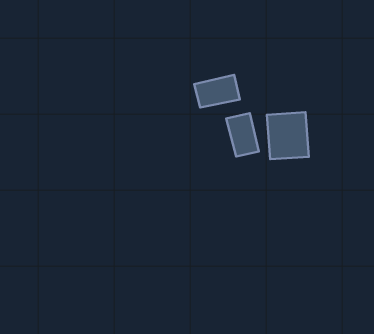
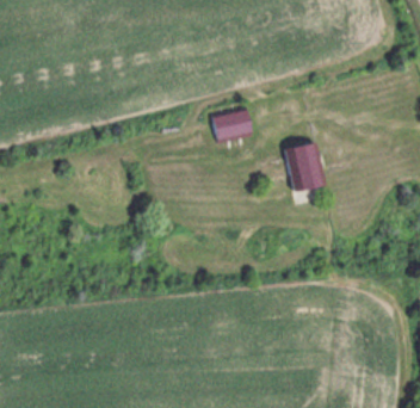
building: [226,113,259,157] -> none

